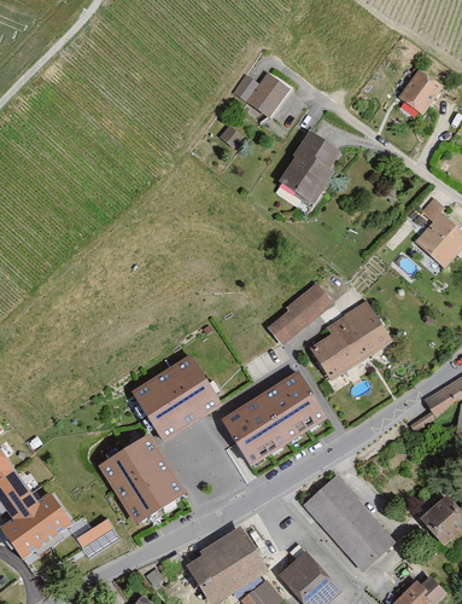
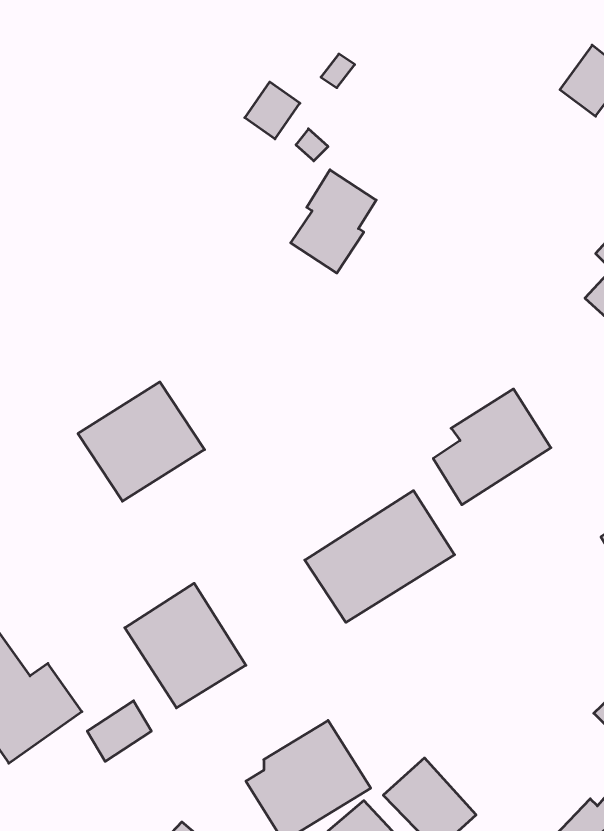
building: [250,74,287,112] -> [245,82,300,139]
building: [280,130,338,201] -> [291,170,376,273]
building: [265,283,333,348] -> none
building: [135,355,221,436] -> [78,382,205,501]
building: [303,478,394,573] -> none

